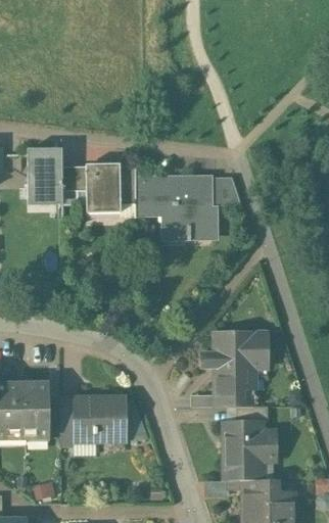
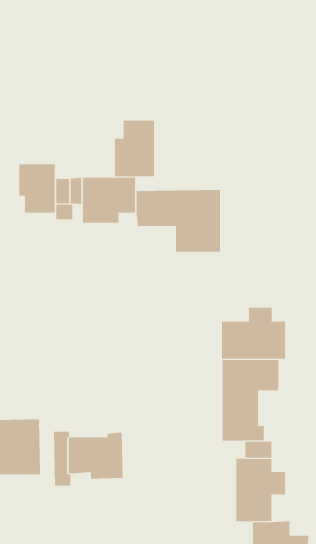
building: none -> [114,120,154,177]
building: [215,177,243,204] -> none
building: none -> [221,307,286,360]

